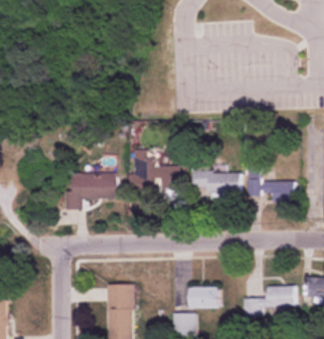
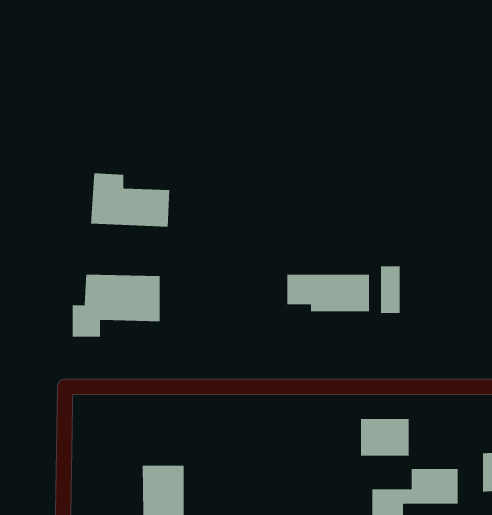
building: [132,156,179,188] -> [90,173,170,227]
building: [262,181,292,202] -> none
building: [188,286,217,308] -> [360,419,410,456]

